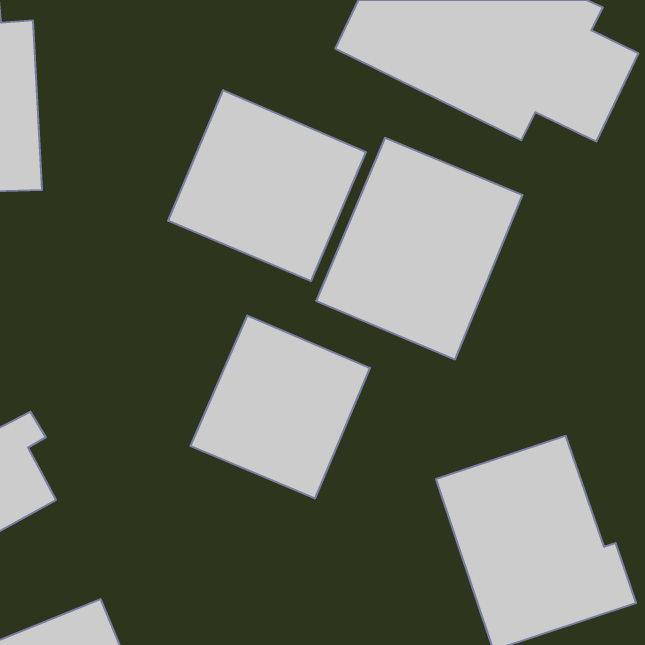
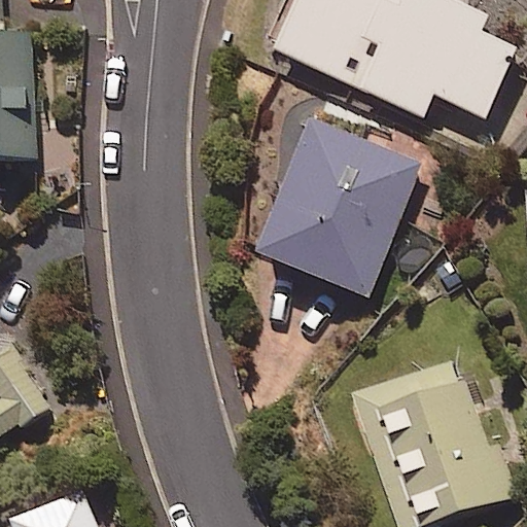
building: [168,90,366,281] -> none
building: [191,315,370,499] -> none

